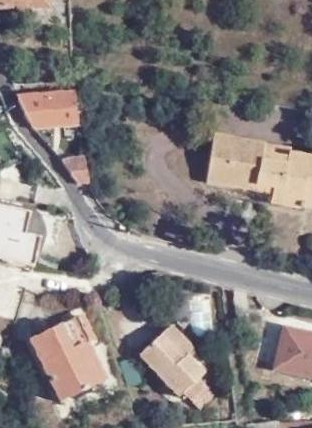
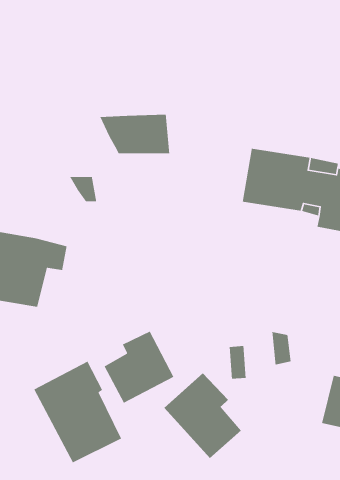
building: [16,93,76,127] -> [99,114,170,154]
building: none -> [103,331,175,404]

